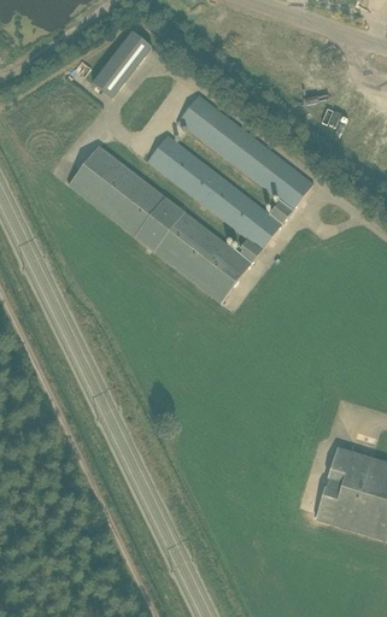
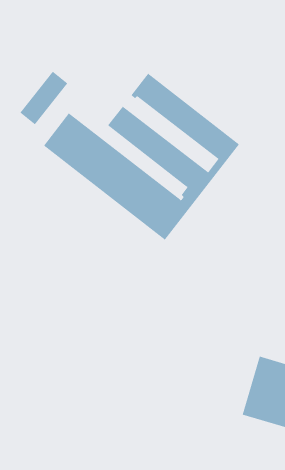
building: [92,30,152,98] -> [20,71,68,125]

